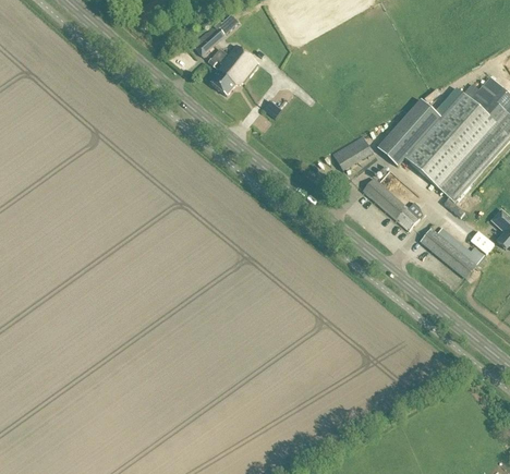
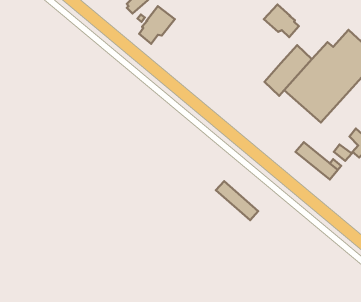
building: none -> [264,4,299,37]
building: [332,135,373,170] -> none
building: [363,179,420,231] -> [216,181,258,220]

